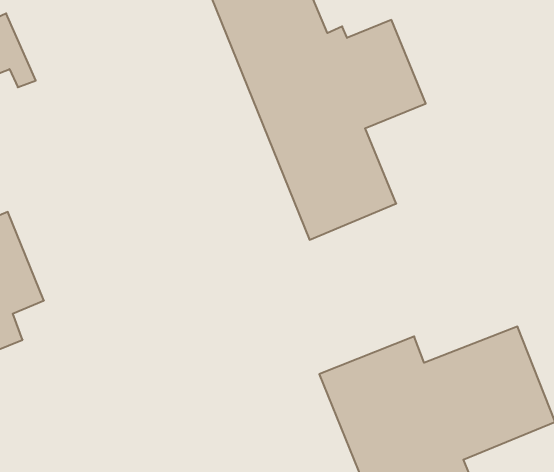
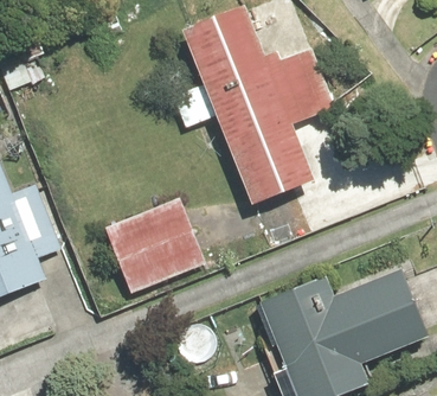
building: none -> [111,198,213,295]

